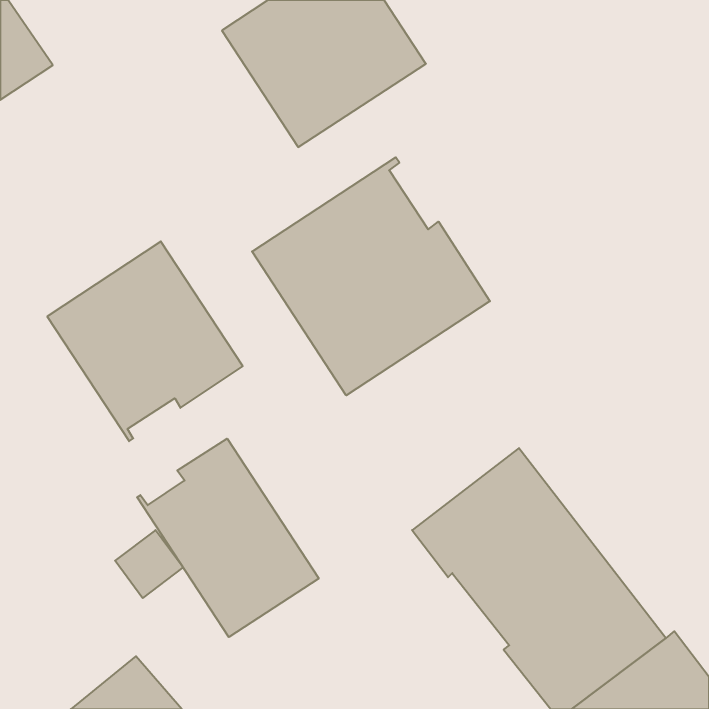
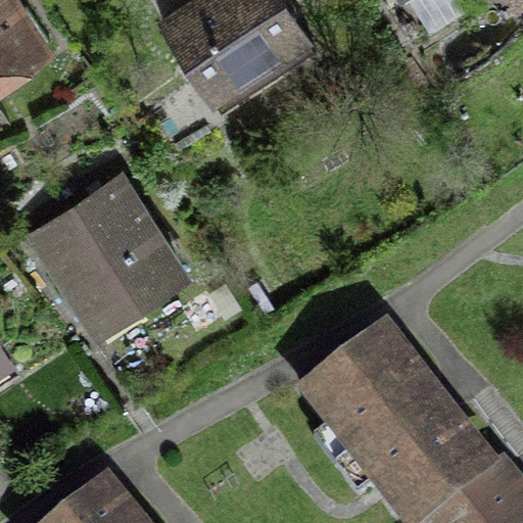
building: [252,157,490,395] -> none
building: [137,439,319,637] -> none

